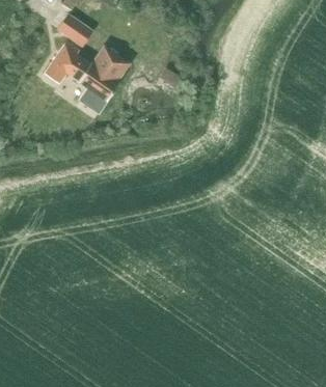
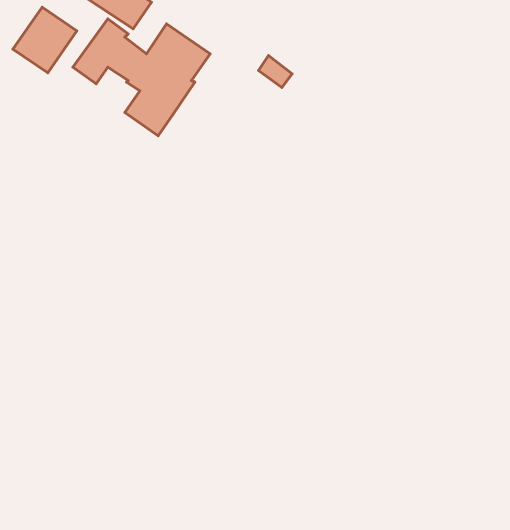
building: none -> [13,7,77,73]

